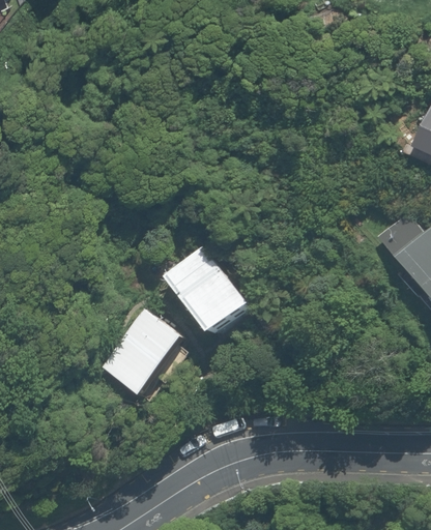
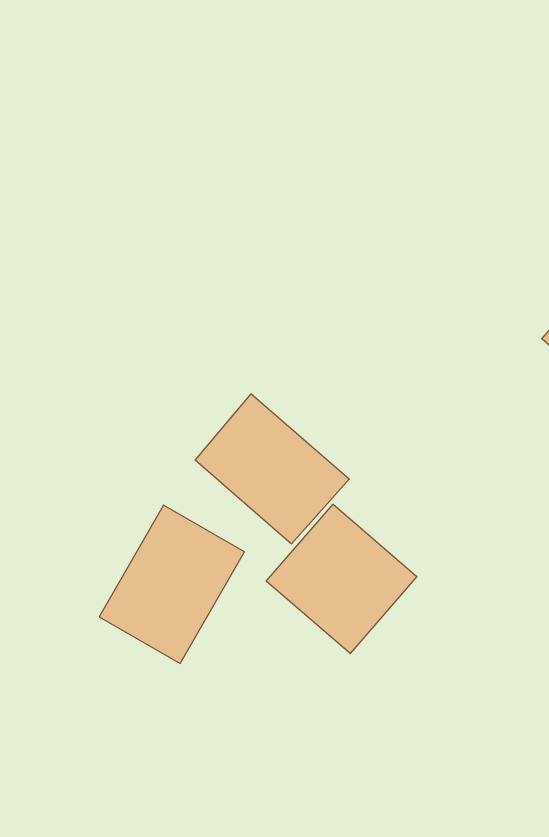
building: none -> [266,504,417,654]

